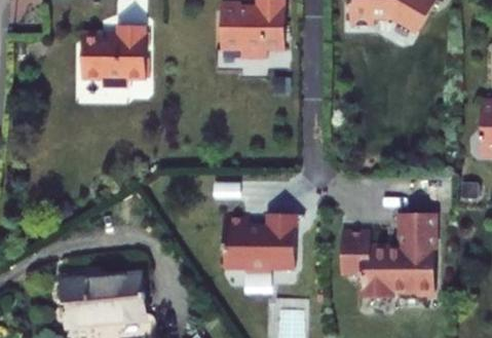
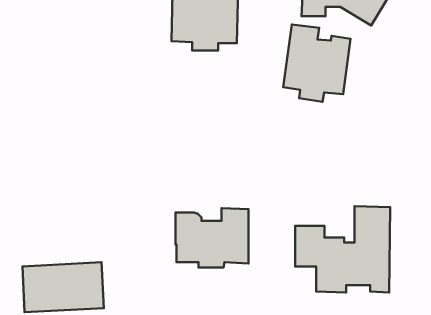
building: [80,27,145,89] -> none
building: none -> [283,25,350,102]

